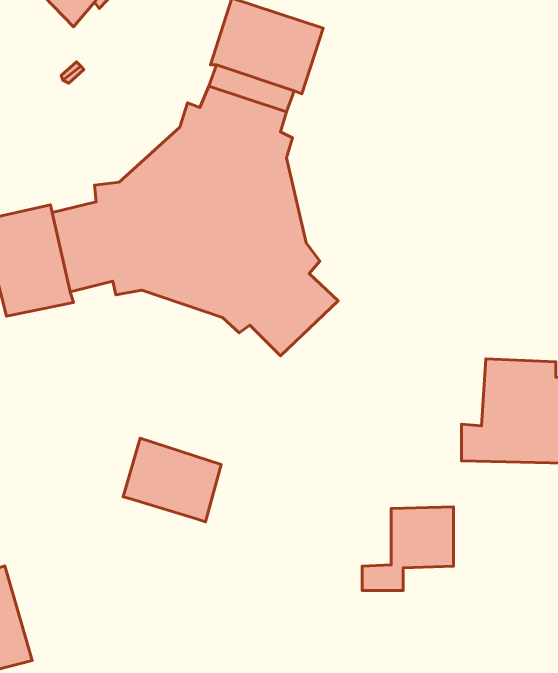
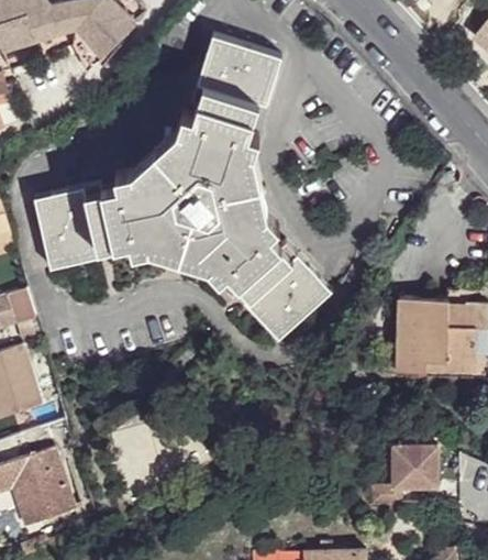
building: none -> [244,253,330,339]
building: [123,438,221,522] -> none
building: [362,507,453,591] -> [369,443,435,504]

